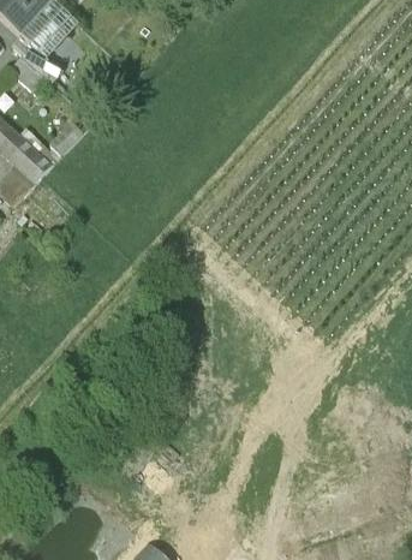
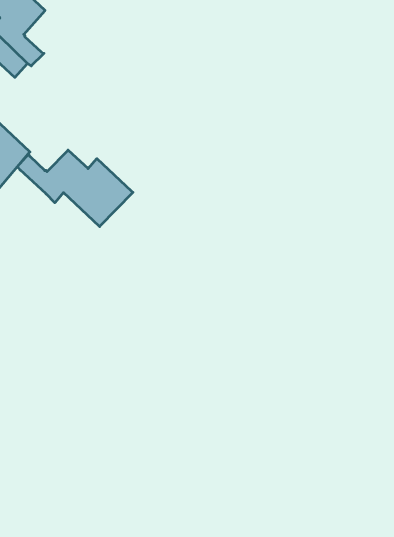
building: none -> [17,150,133,227]

